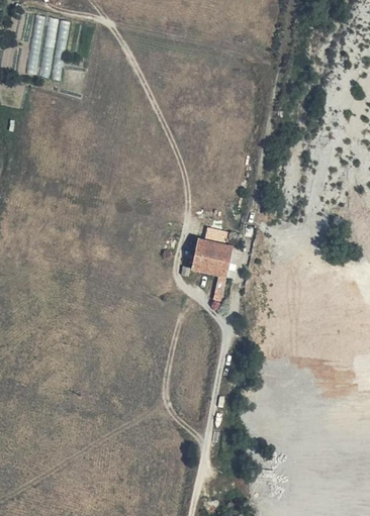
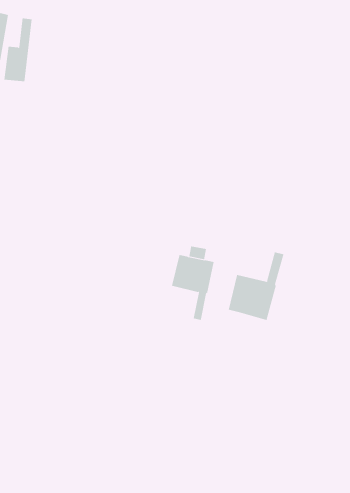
building: none -> [228,252,284,321]

